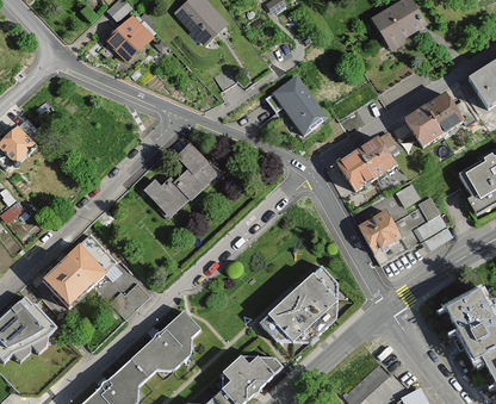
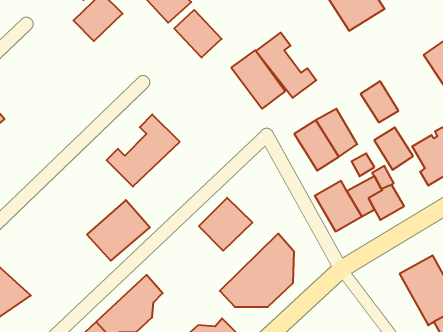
building: none -> [174,10,222,58]
building: none -> [256,33,316,98]
building: [426,93,466,137] -> [374,127,413,170]
building: none -> [199,198,252,251]
building: [51,247,117,310] -> [87,200,150,261]

